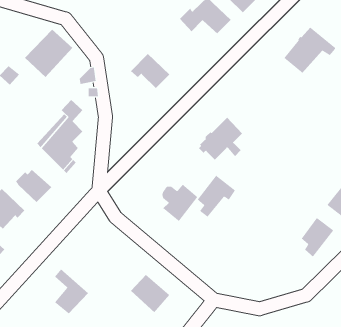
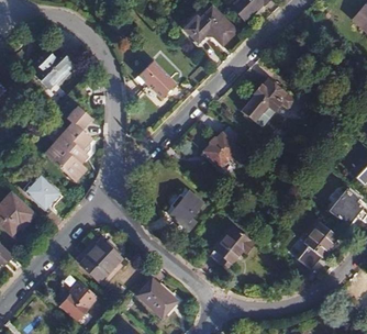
building: [283,27,336,74] -> [243,80,294,126]
building: [197,175,236,217] -> [215,227,254,269]
building: none -> [78,238,122,283]

